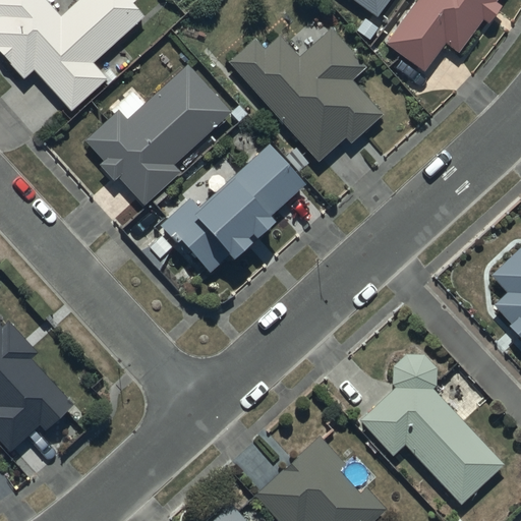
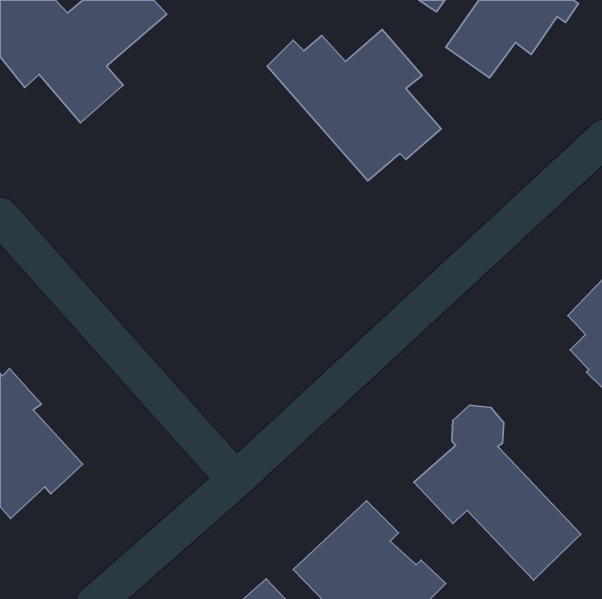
building: [89,64,232,205] -> none
building: [165,144,305,271] -> none

